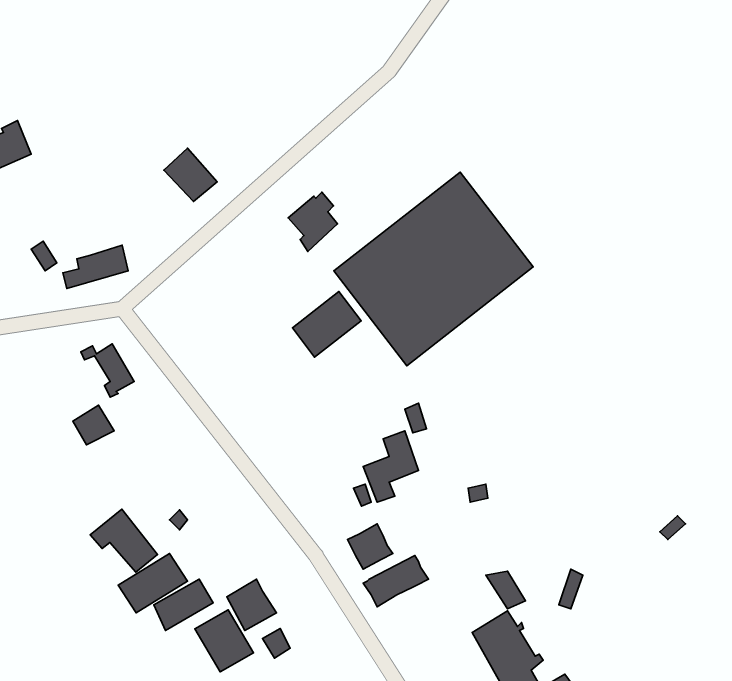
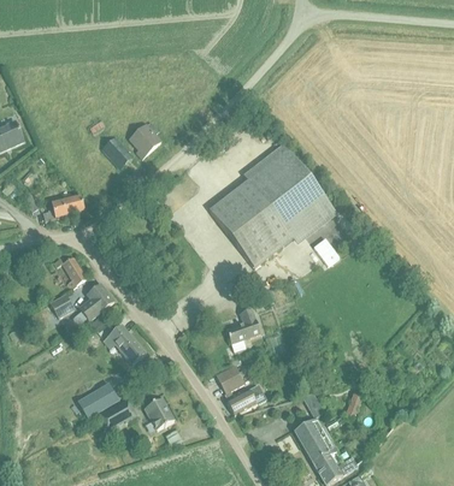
building: [288,192,338,251] -> [130,120,160,156]
building: [292,292,361,357] -> none
building: none -> [78,283,113,319]
building: [90,509,157,572] -> [101,322,142,361]
building: [195,610,253,672] -> none

